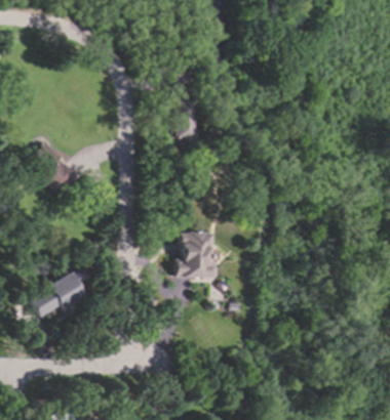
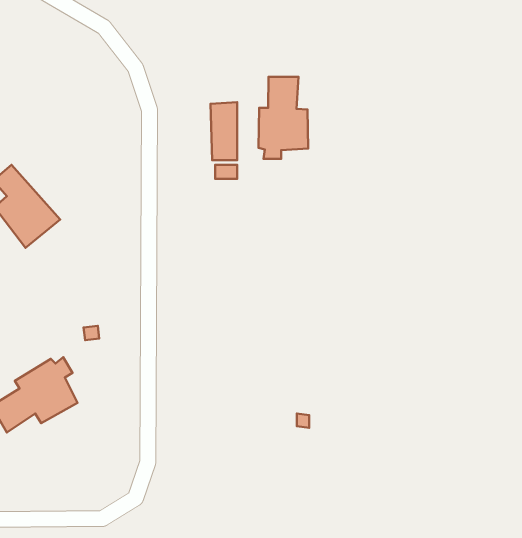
building: none -> [259,77,308,159]
building: [178,234,218,280] -> none

